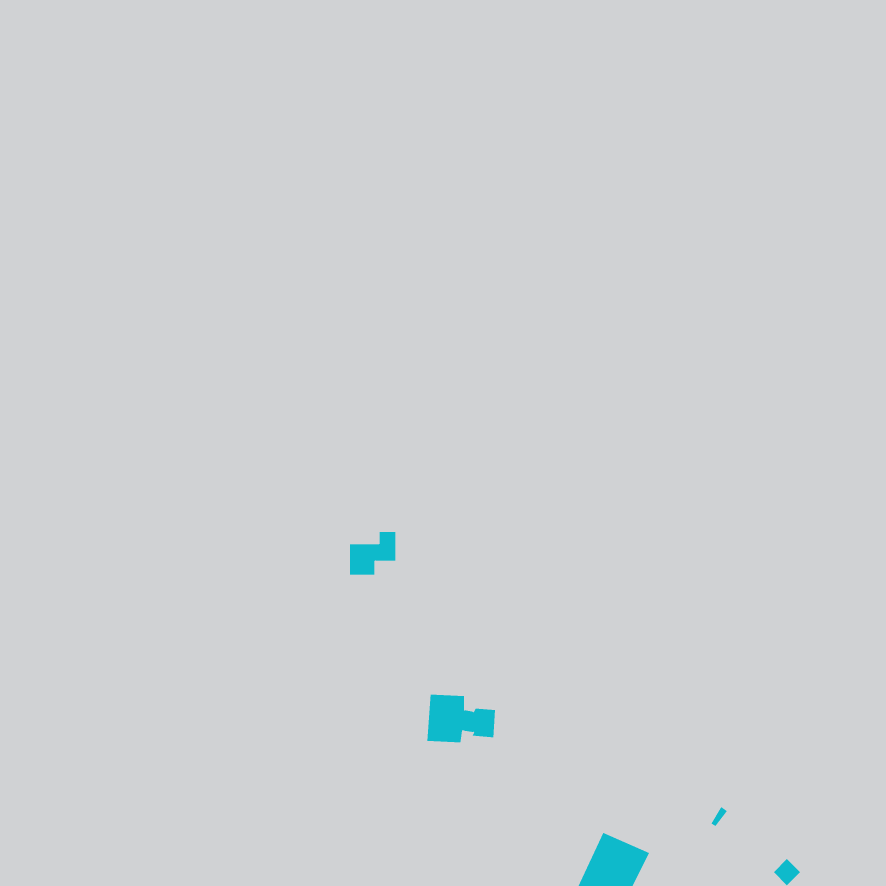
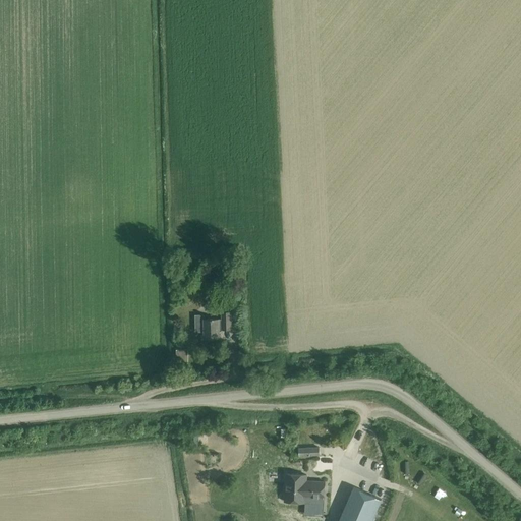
building: [427,694,496,743] -> [284,475,325,504]

